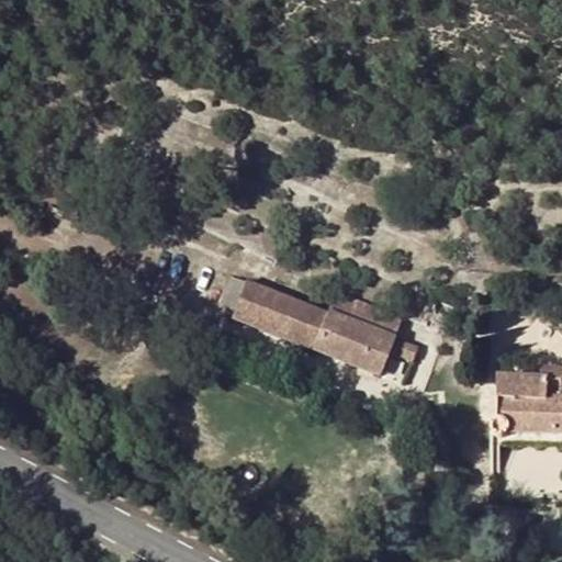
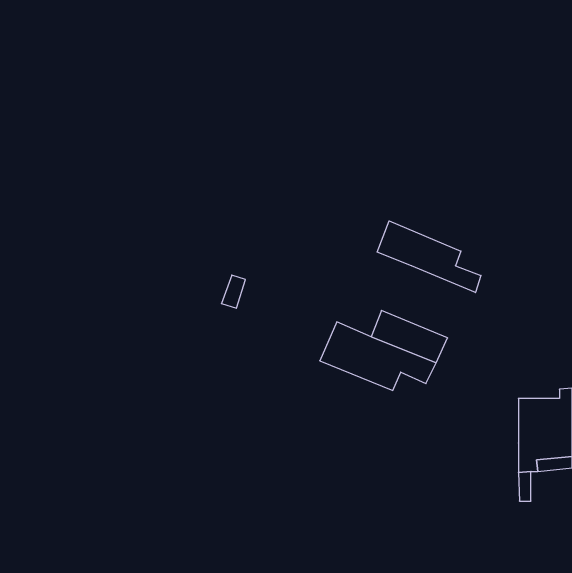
building: none -> [377,221,481,293]
building: [231,276,324,347] -> none

